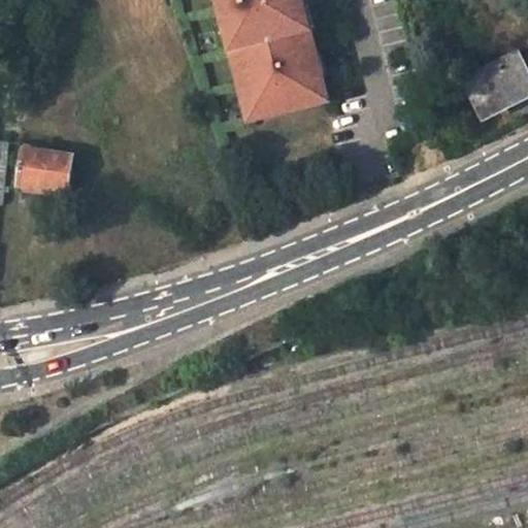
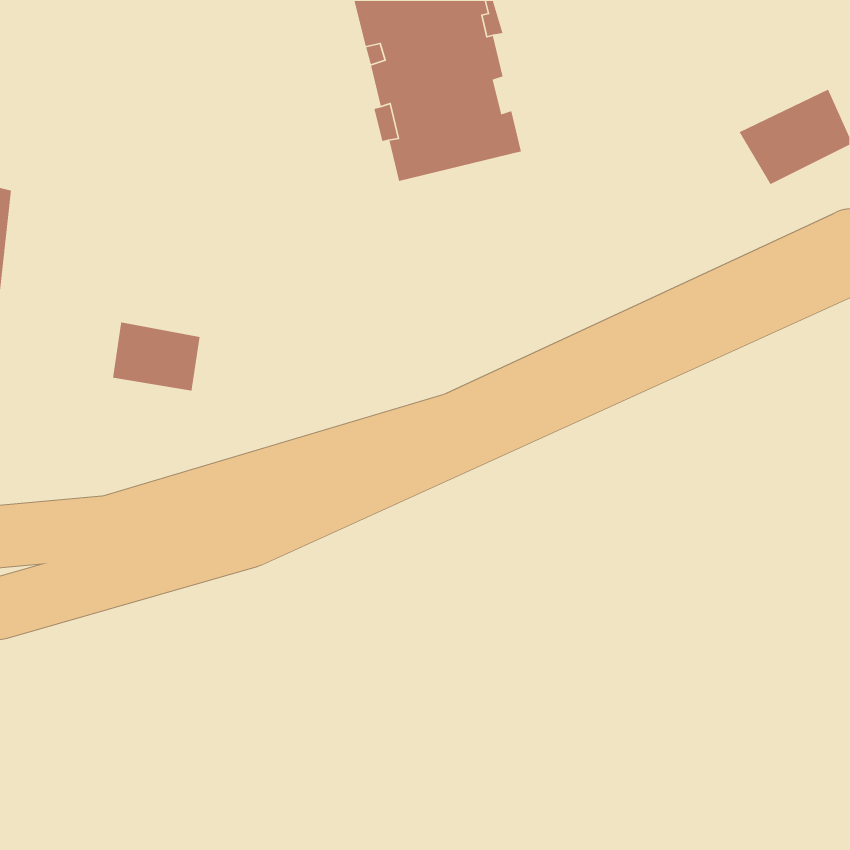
building: [16,151,71,194] -> [112,322,200,392]

